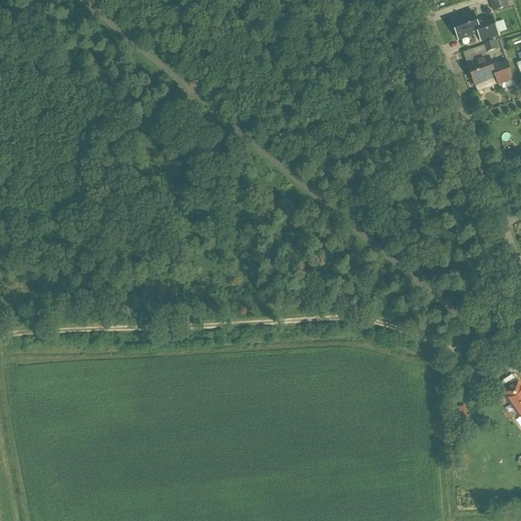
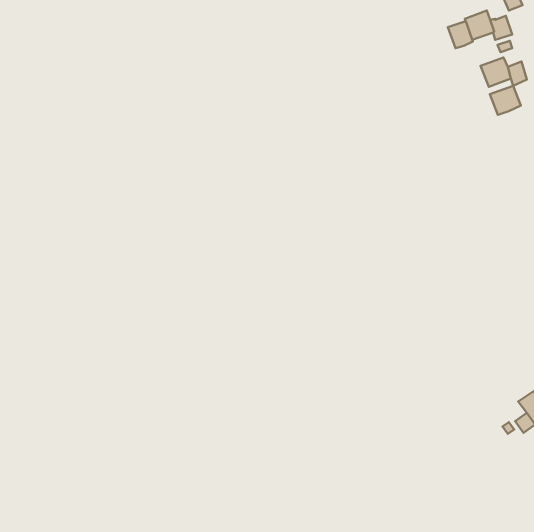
building: none -> [448,21,473,48]
building: none -> [490,86,521,115]

